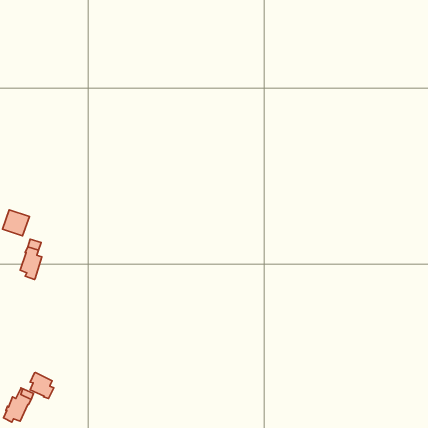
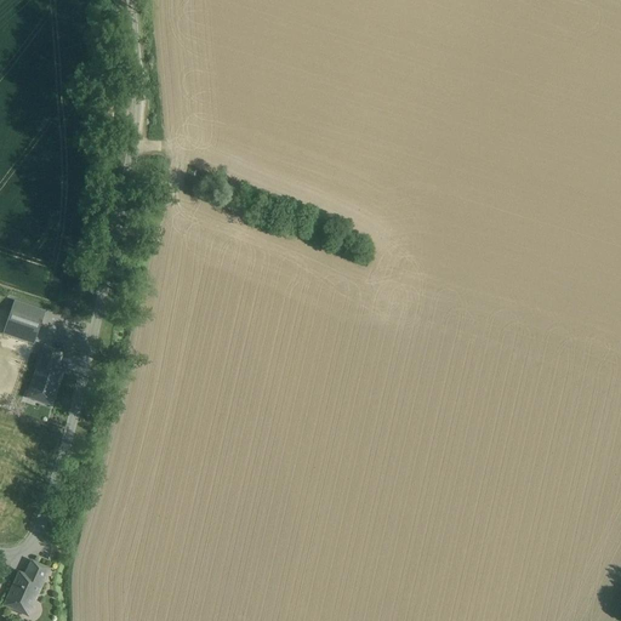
building: [30,373,54,399] -> none

